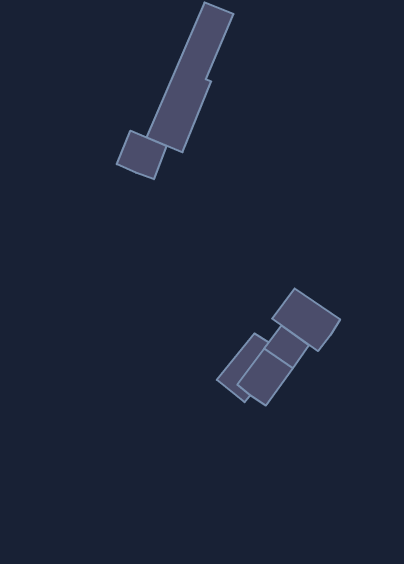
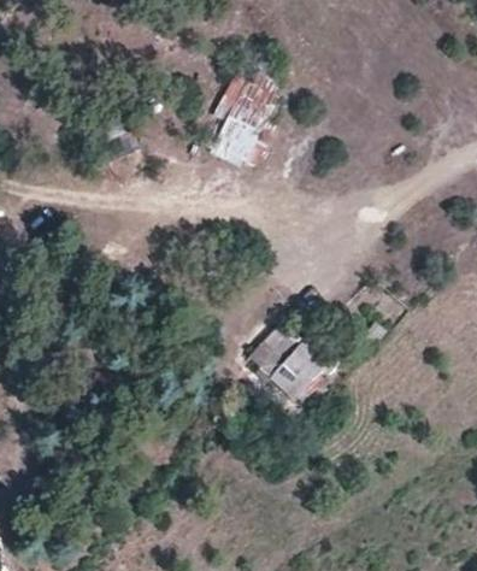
building: [117,131,167,179] -> none
building: [272,288,340,351] -> none

